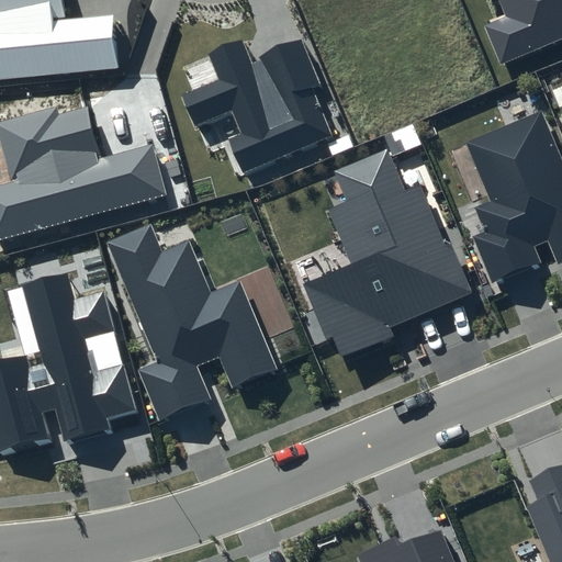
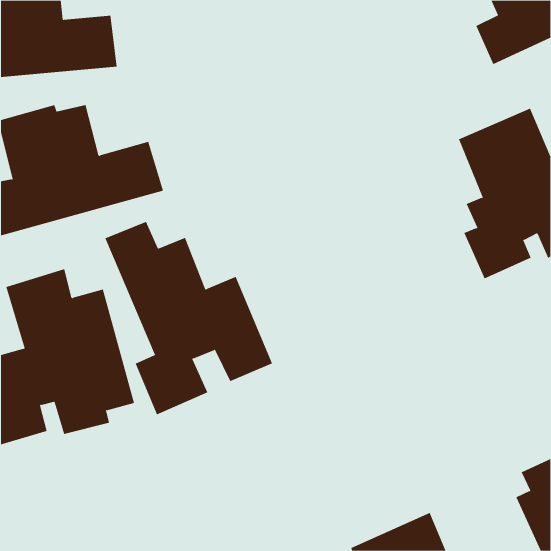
building: [182,40,334,176] -> none
building: [304,148,473,361] -> none

